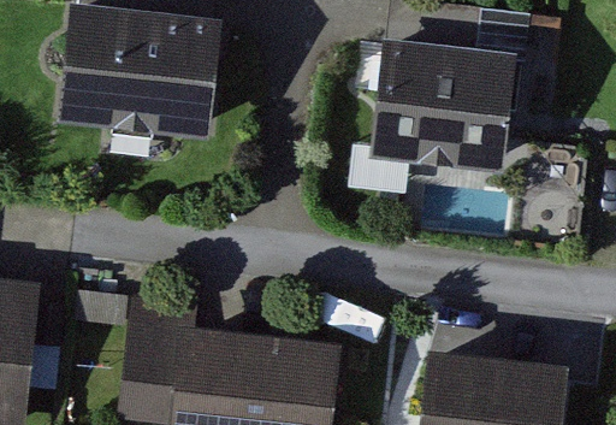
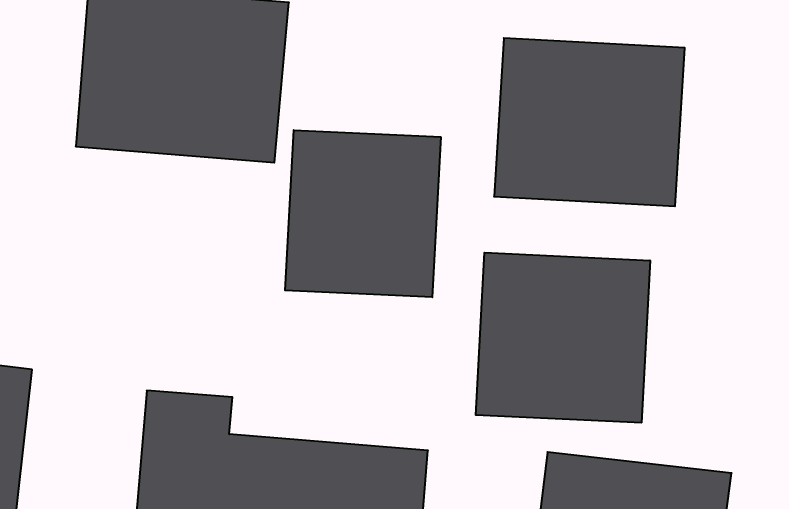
building: none -> [285,130,441,297]
building: none -> [476,253,650,423]

